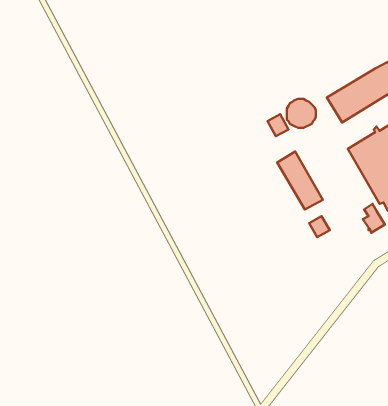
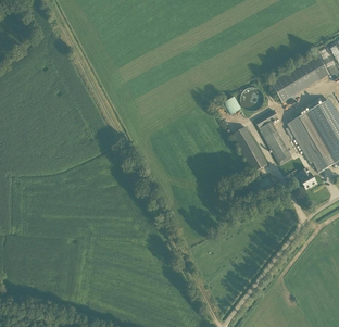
building: none -> [253,109,291,164]

